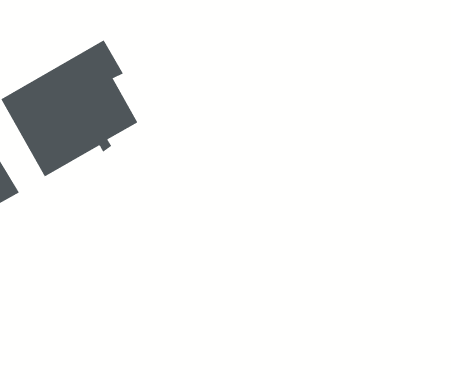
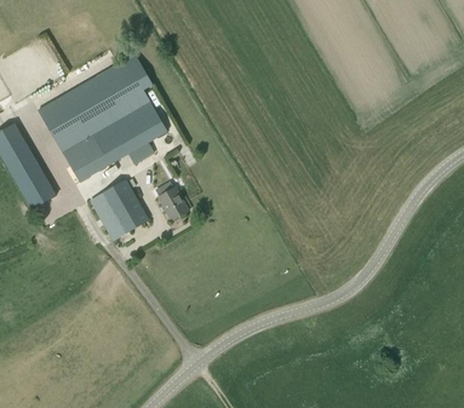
building: none -> [88,178,148,240]
building: none -> [156,185,189,220]

